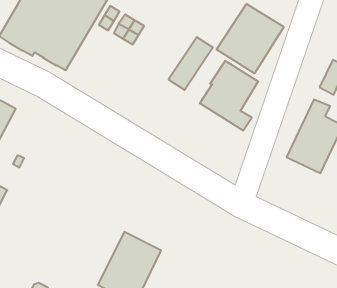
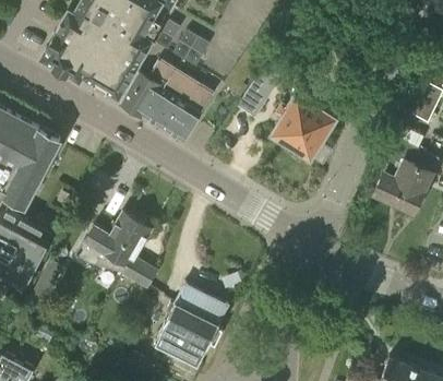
building: [217,4,284,73] -> none
building: none -> [120,59,214,141]
building: none -> [75,212,156,287]

